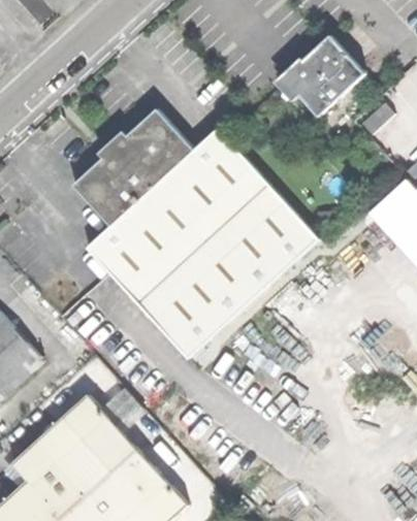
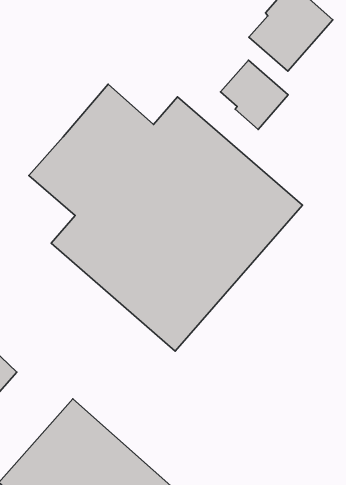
building: none -> [220,60,288,130]

